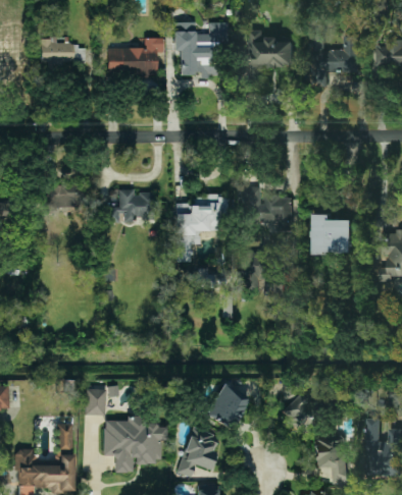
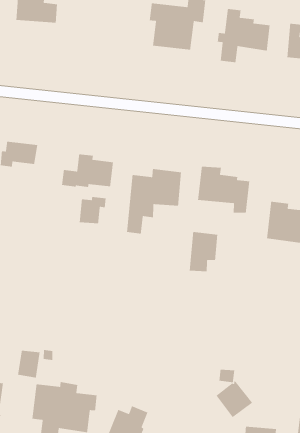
building: [106,38,162,75] -> none
building: none -> [79,196,107,224]
building: [206,385,248,429] -> none

